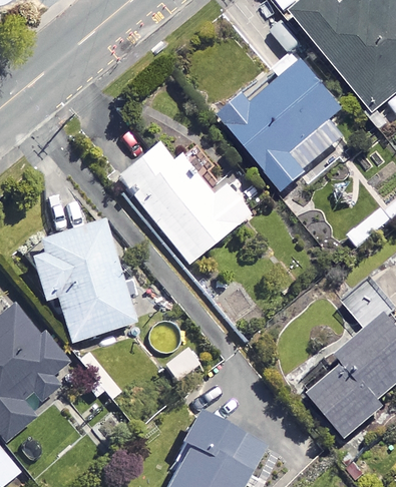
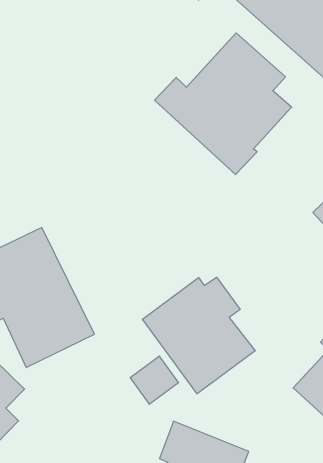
building: [114,140,247,262] -> none
building: none -> [142,277,255,394]

